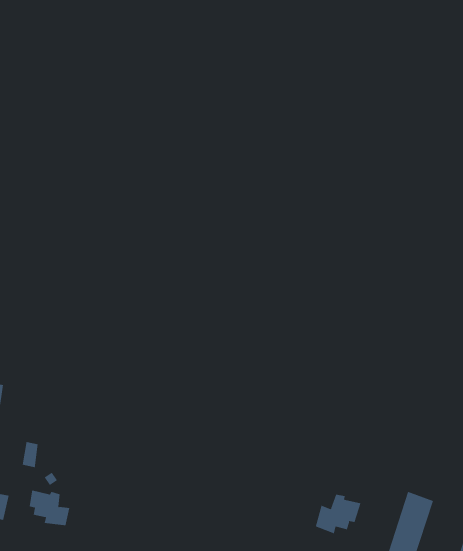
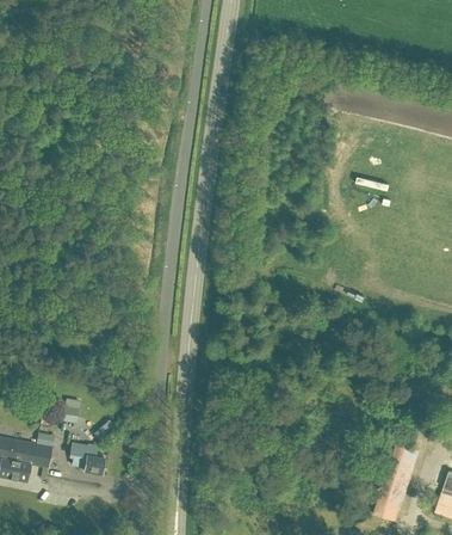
building: [315,494,361,534] -> none

